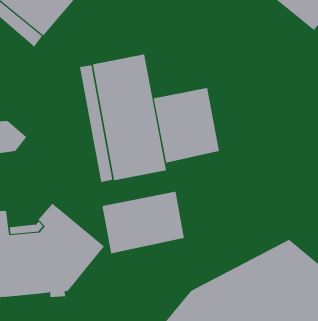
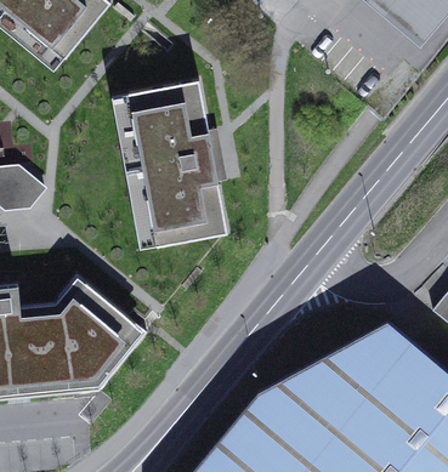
building: [153,87,219,164] -> none
building: [102,191,185,254] -> none

